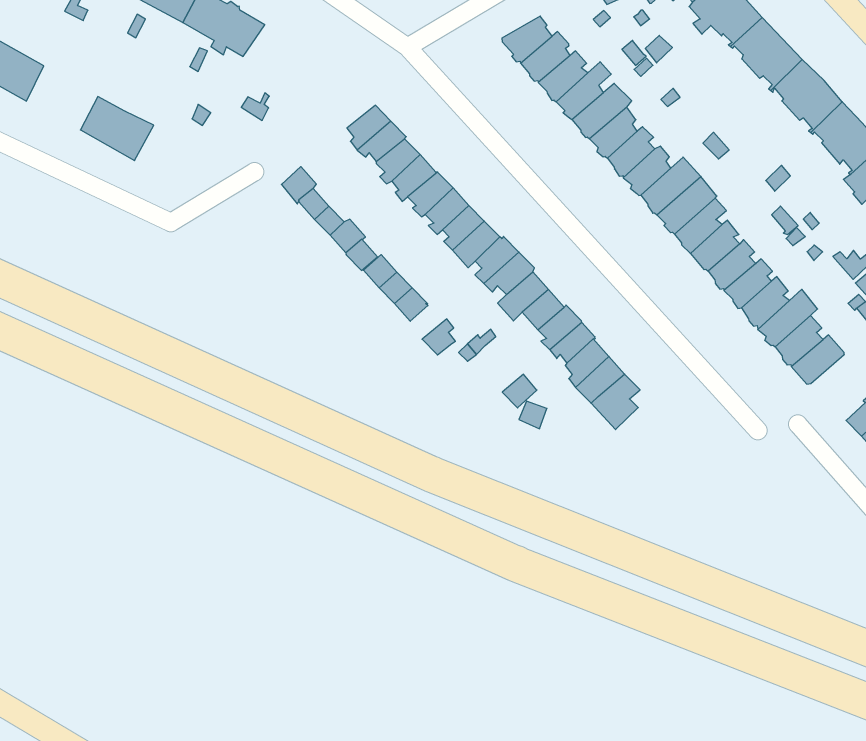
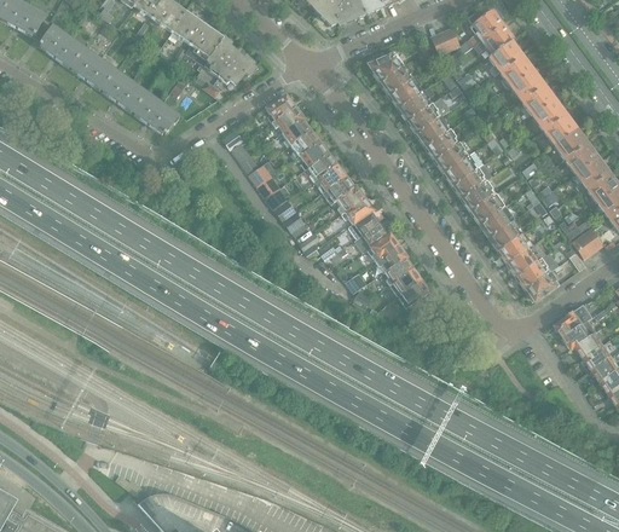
building: none -> [203,36,254,82]
building: none -> [69,46,114,88]
building: none -> [132,91,178,132]

